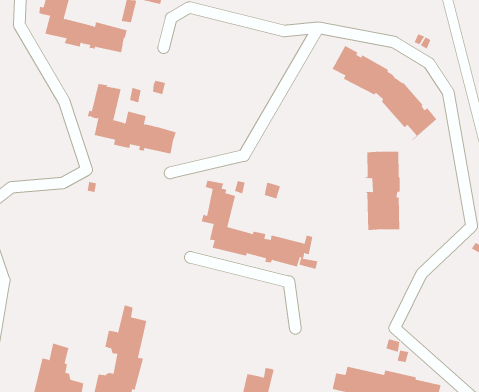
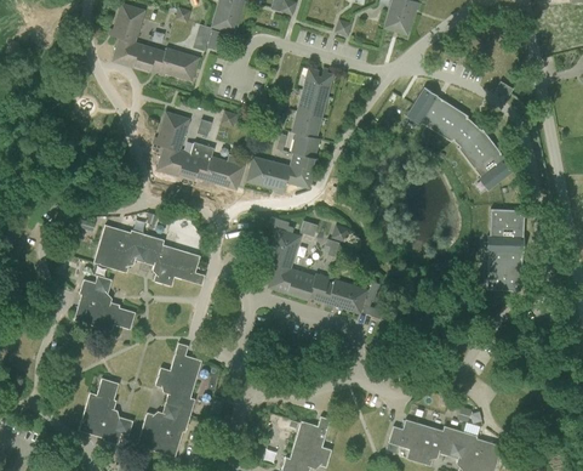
building: none -> [245,68,332,195]
building: [364,151,401,231] -> [486,209,524,291]
building: none -> [93,225,205,286]
building: none -> [74,276,135,331]

